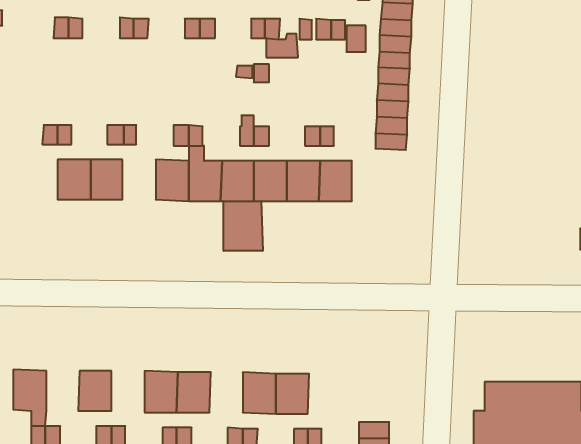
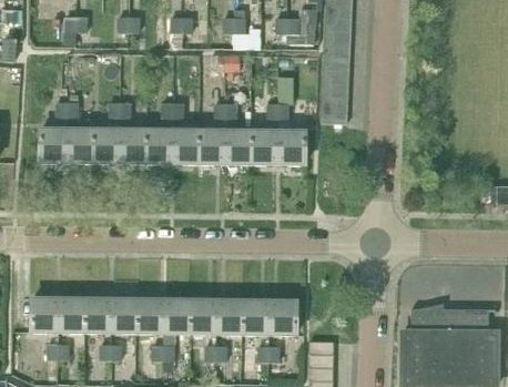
building: none -> [40,130,67,162]
building: none -> [119,130,145,162]
building: [224,201,263,251] -> none
building: none -> [58,299,84,332]
building: none -> [110,299,136,333]
building: none -> [189,301,215,333]
building: none -> [267,302,294,334]

